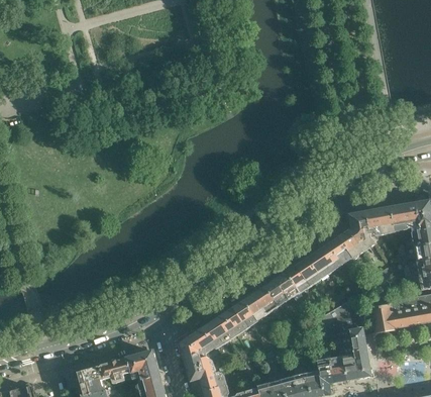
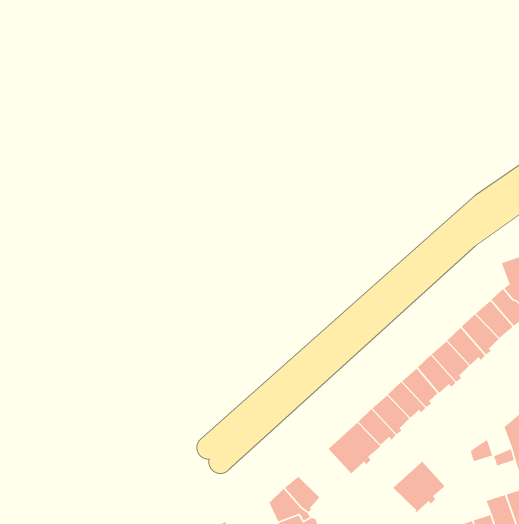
building: [203,316,236,349] -> [393,461,446,513]

